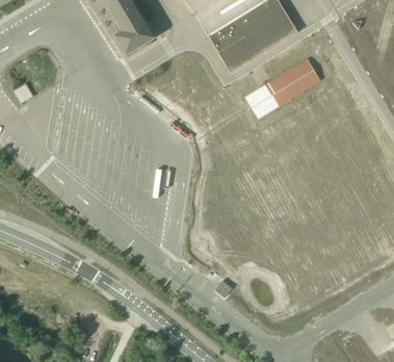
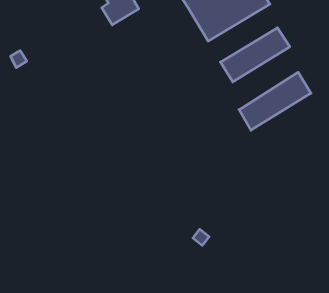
building: none -> [239,72,311,130]

